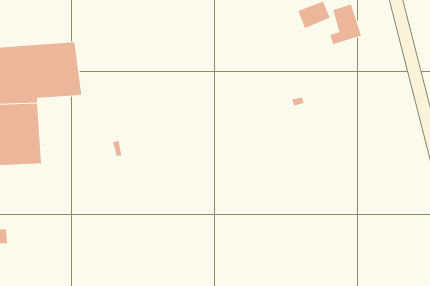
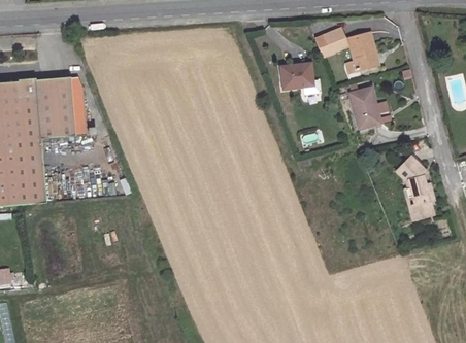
building: none -> [279,68,319,100]
building: none -> [345,89,378,131]
building: none -> [394,158,434,222]

